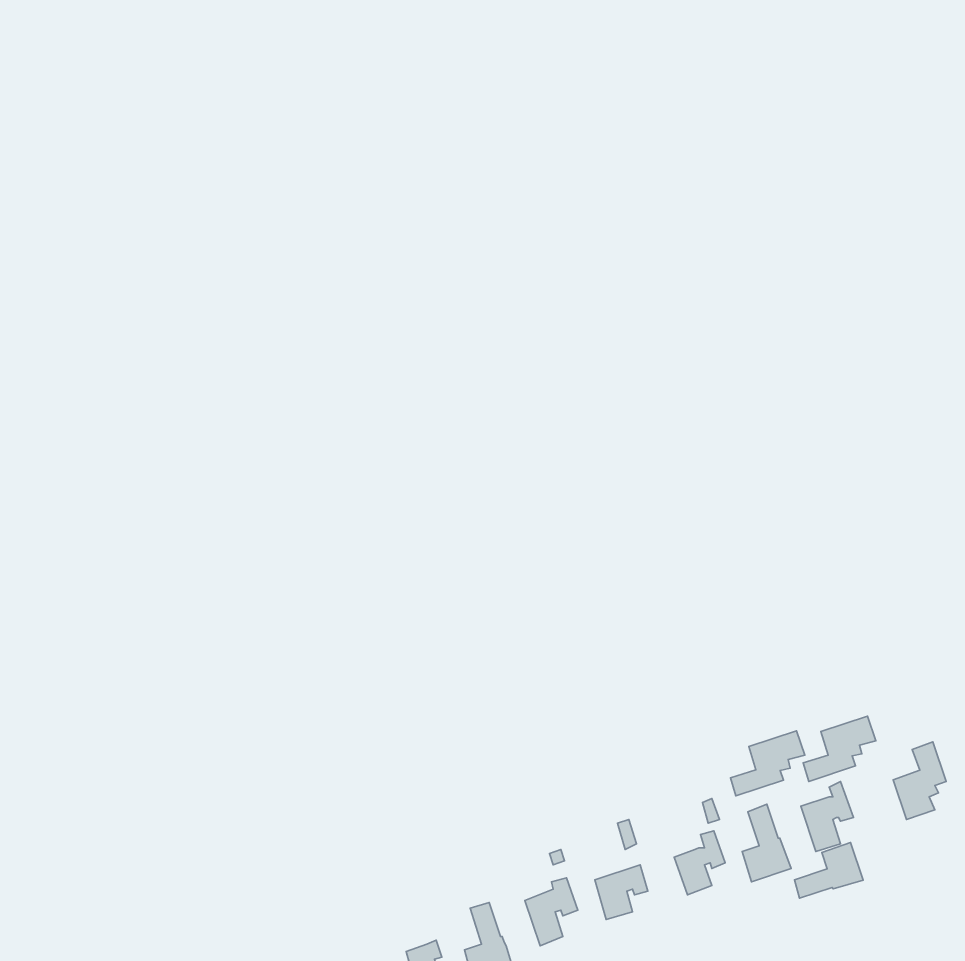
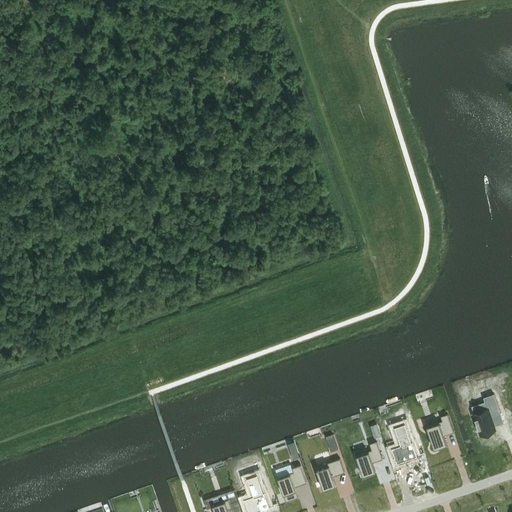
building: [803,716,876,781] -> none
building: [731,731,805,796] -> none
building: [794,842,863,898] -> none

